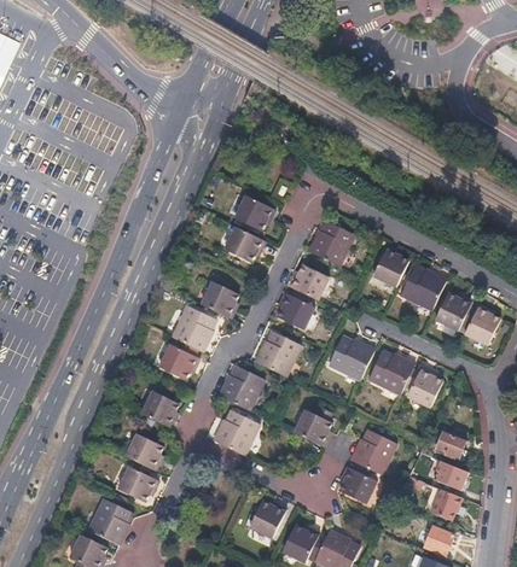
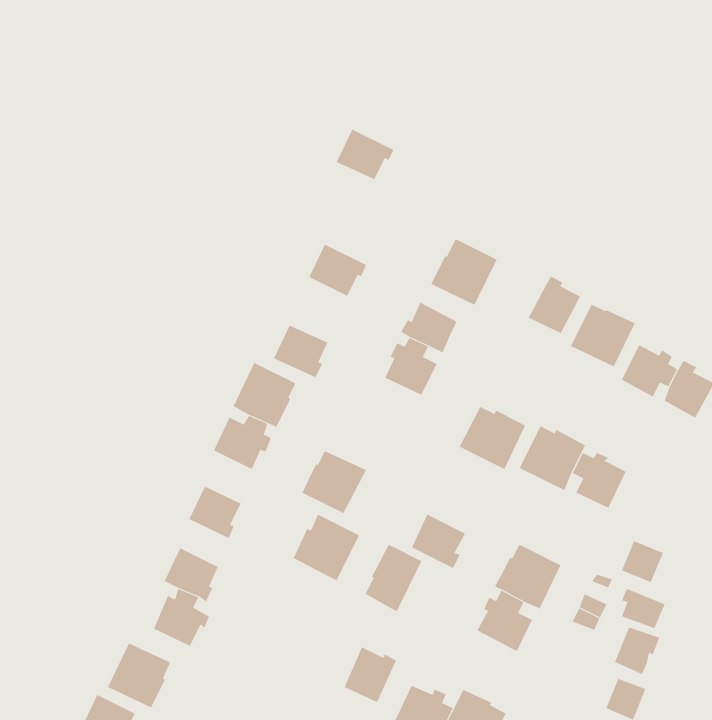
building: [236,194,275,229] -> [336,129,394,180]
building: [252,331,298,376] -> none
building: none -> [365,544,422,612]

